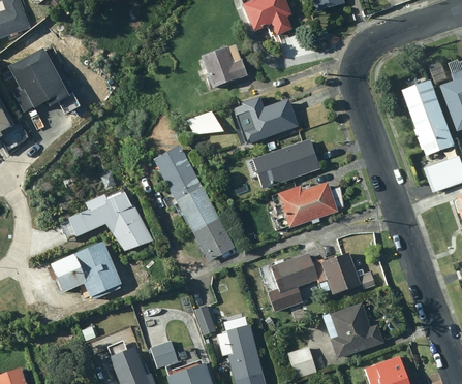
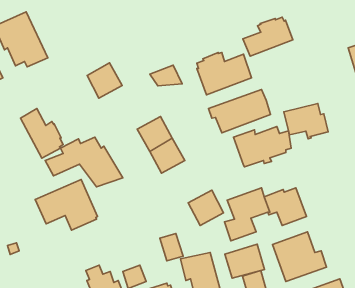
building: [202,44,247,87] -> none
building: none -> [243,17,293,56]
building: [153,143,193,184] -> [87,63,122,98]
building: none -> [284,103,328,139]
building: none -> [21,109,63,158]
building: [194,220,235,260] -> [188,190,223,225]
building: none -> [225,244,265,278]

